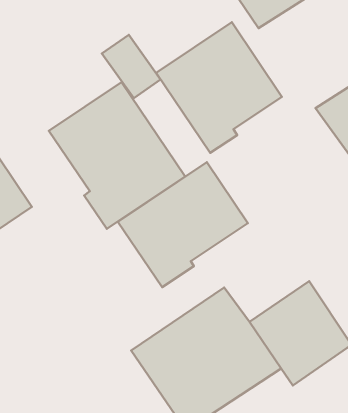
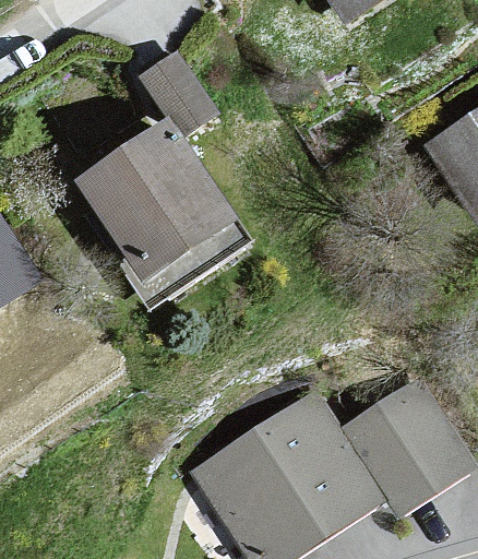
building: [156,22,282,153] -> none
building: [118,162,248,287] -> none

